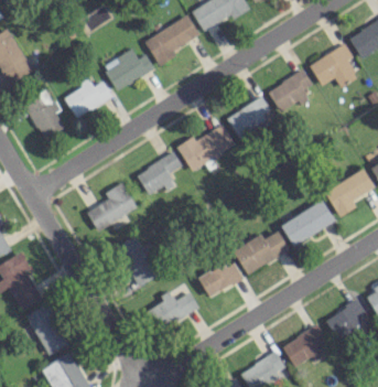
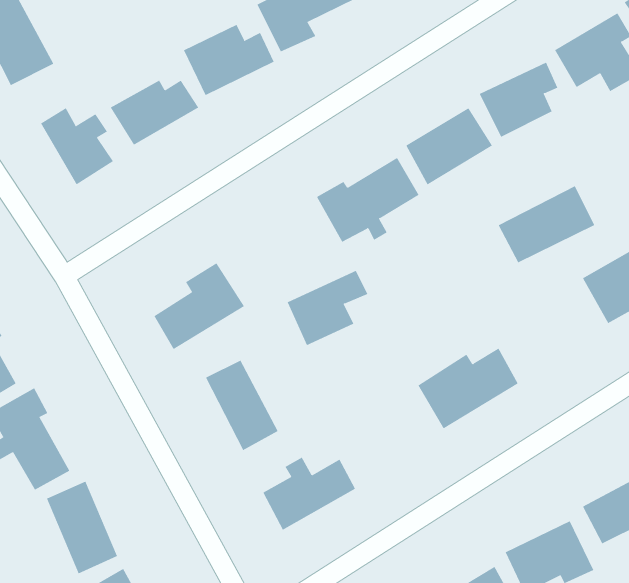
building: [137,153,182,195] -> [287,270,368,346]
building: [281,201,335,244] -> [498,186,595,263]
building: [198,259,242,295] -> none

